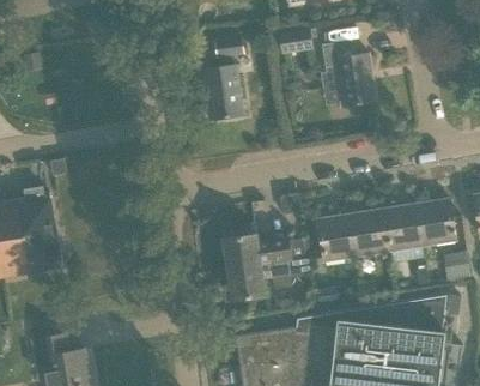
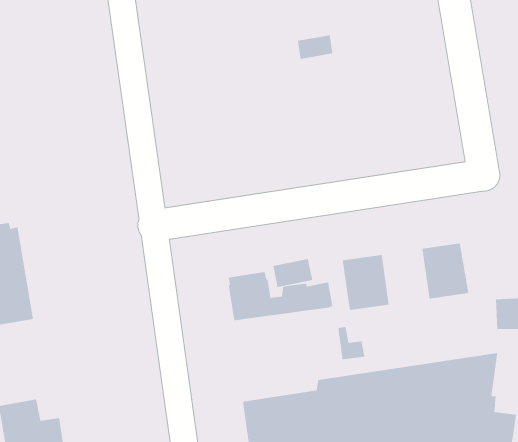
building: [198,37,243,119] -> none
building: [323,41,376,105] -> none
building: [415,198,456,246] -> none
building: [351,209,389,255] -> none
building: [227,258,309,300] -> none

